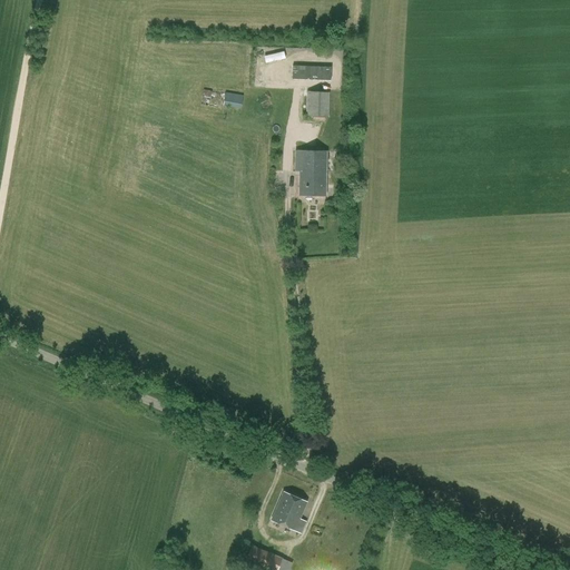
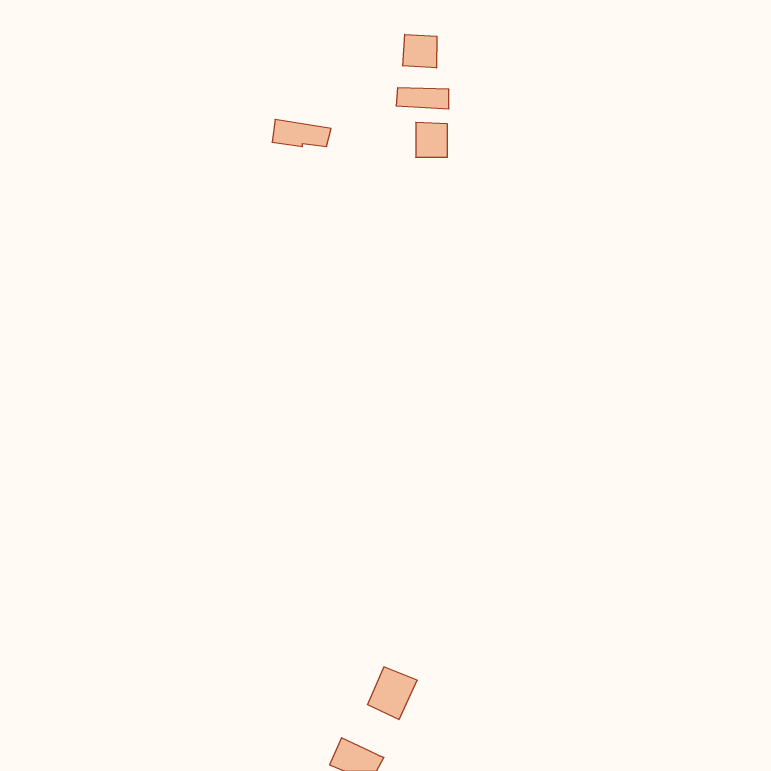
building: none -> [403,34,437,68]
building: [296,149,327,195] -> none

